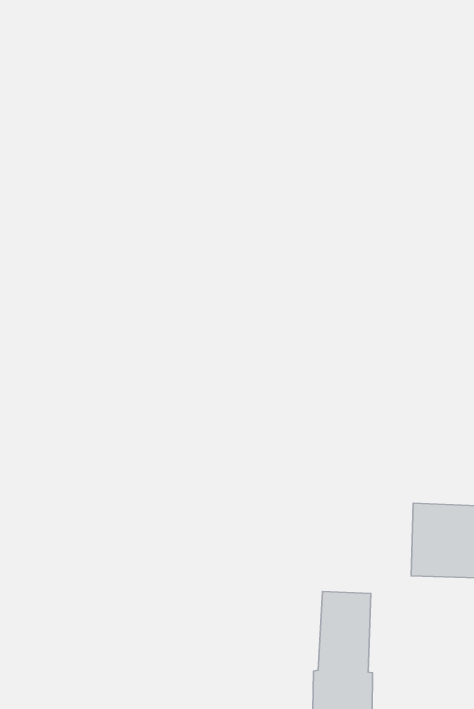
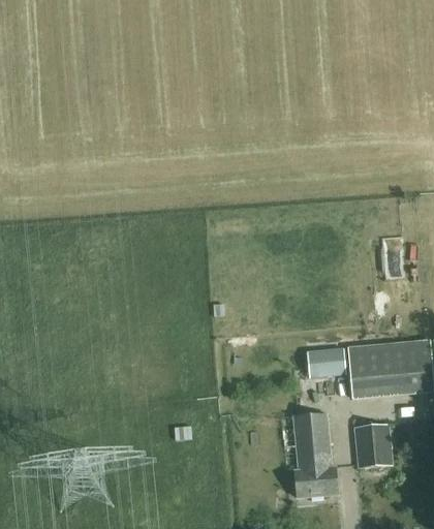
building: none -> [307,347,346,376]
building: none -> [354,423,392,467]

